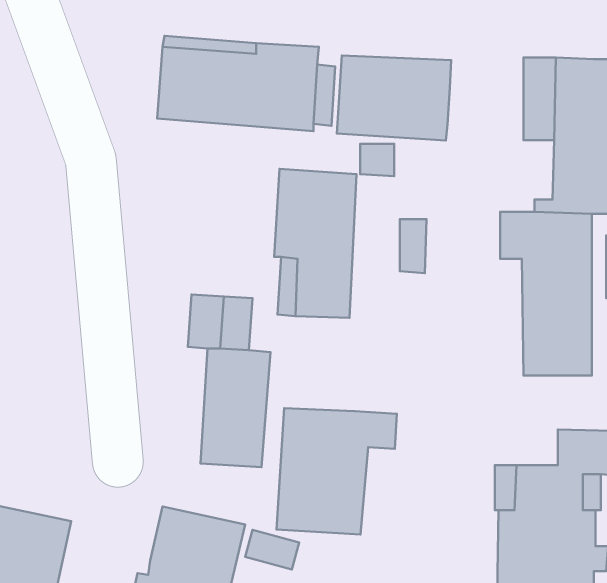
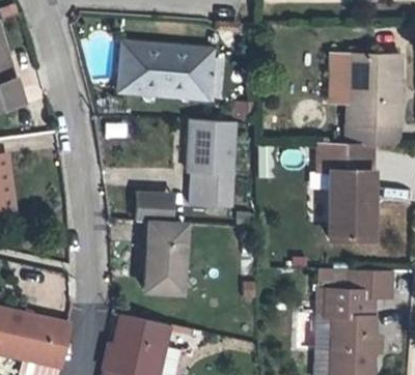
building: [337,56,451,140] -> none
building: [277,408,397,535] -> none

